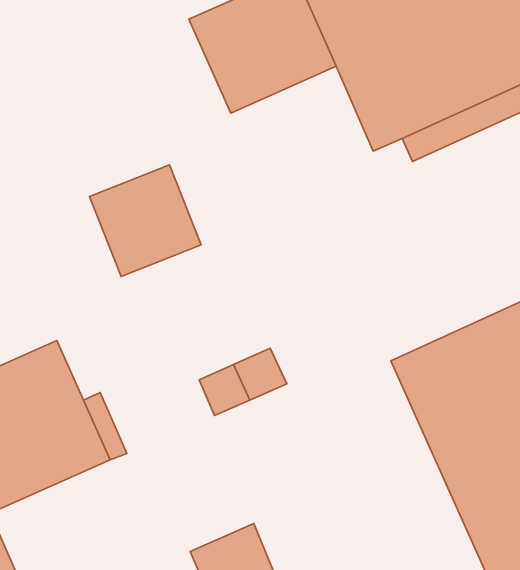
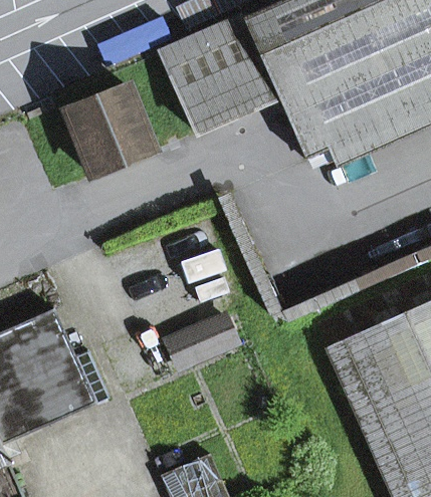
building: [90,165,201,277] -> [66,87,155,176]

